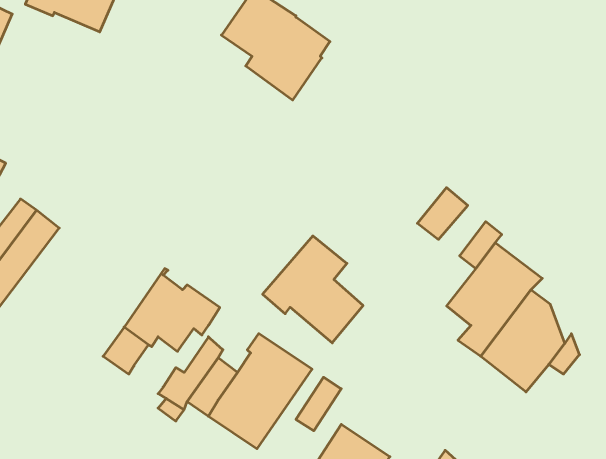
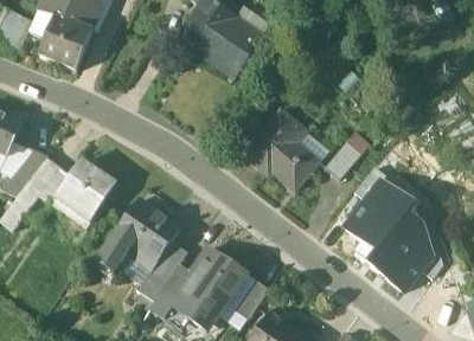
building: none -> [43,12,92,65]
building: none -> [56,159,115,220]
building: [263,236,363,343] -> [244,109,318,187]
building: none -> [117,240,178,285]

